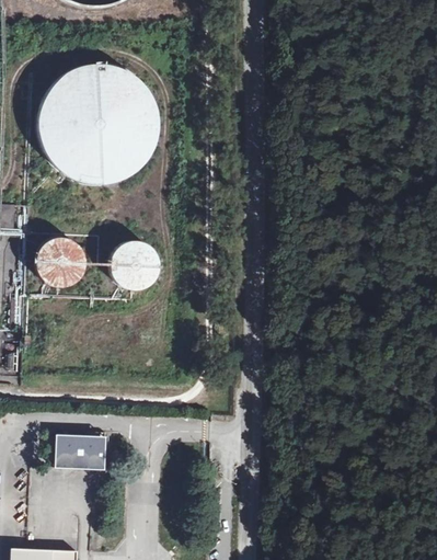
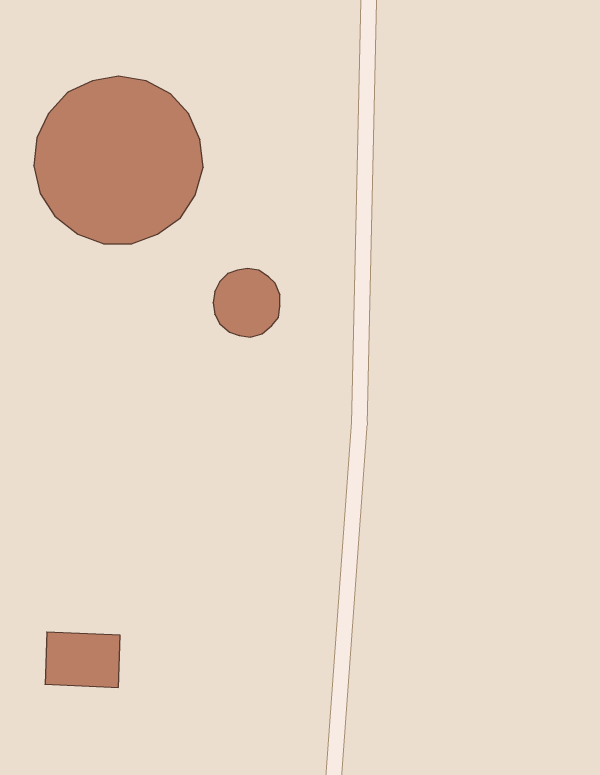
building: [37,236,87,285] -> none
building: [114,239,159,285] -> [213,269,280,337]

